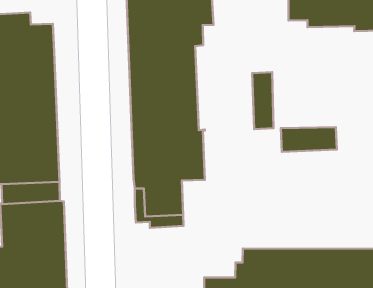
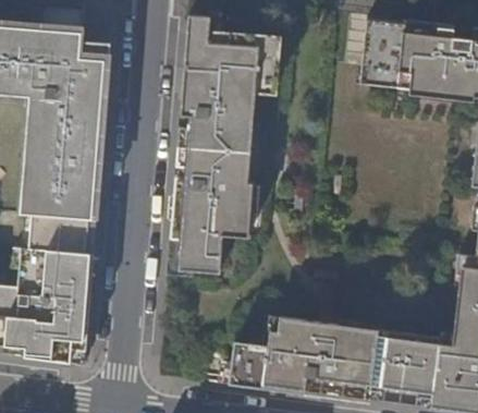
building: [252,72,273,129] -> none
building: [281,127,337,152] -> none

